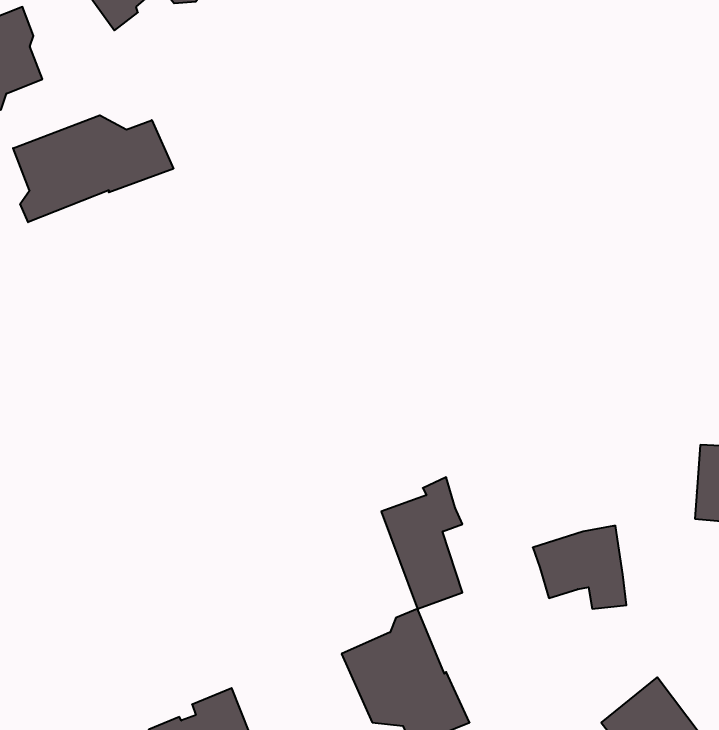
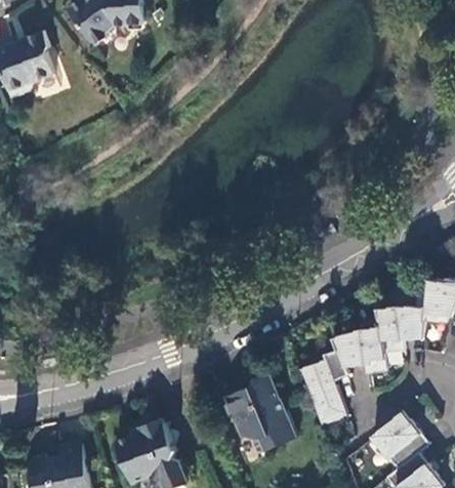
building: [13,115,173,222] -> none
building: [381,477,462,609] -> [299,350,345,424]
building: none -> [376,306,425,354]

